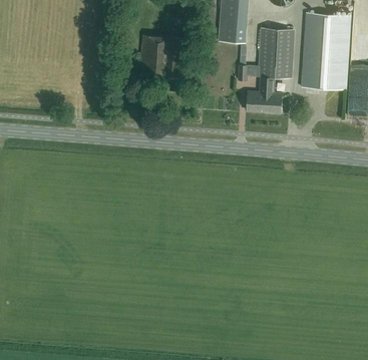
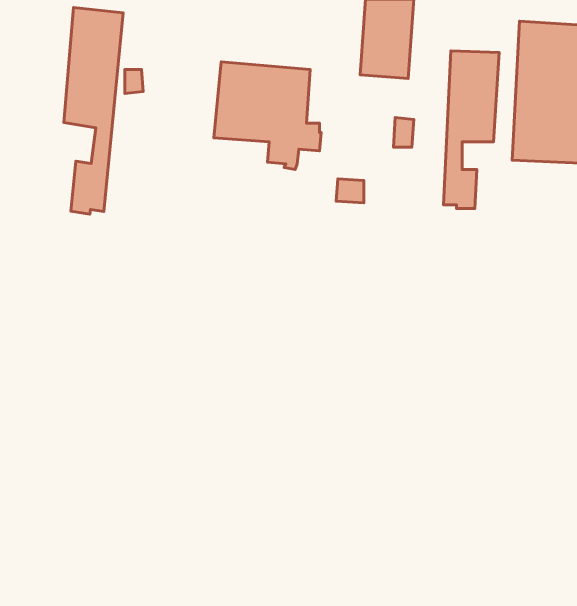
building: none -> [64,8,123,214]
building: [247,28,268,111] -> none

